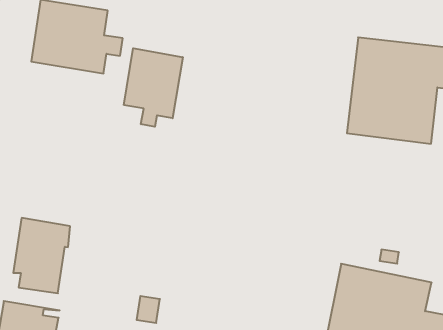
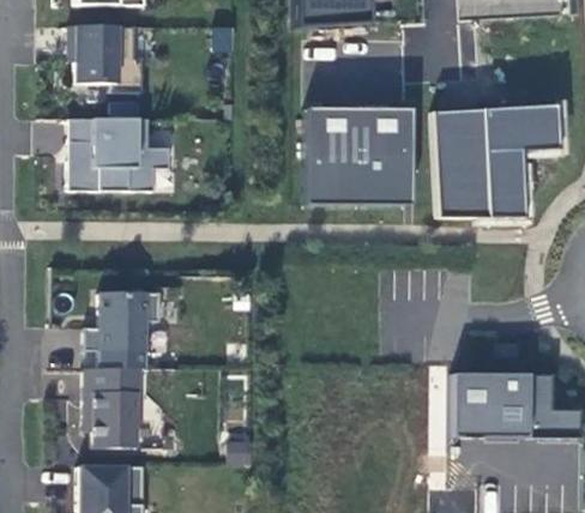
building: none -> [307,103,410,204]
building: [124,48,183,127] -> none
building: none -> [86,291,161,349]

